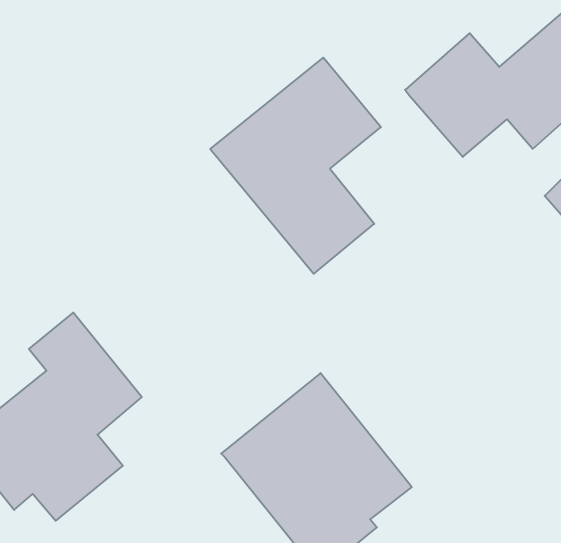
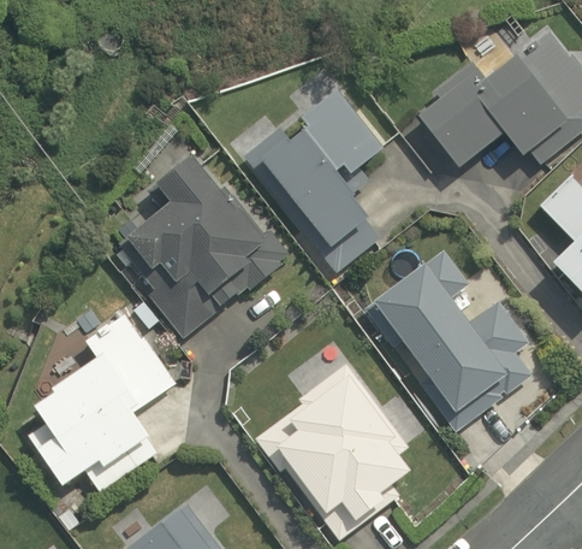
building: none -> [112,158,280,338]
building: none -> [362,250,529,431]

